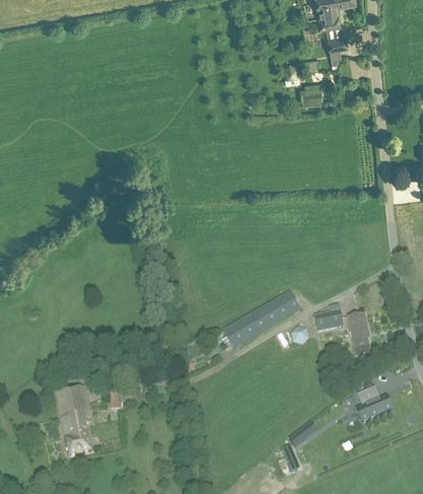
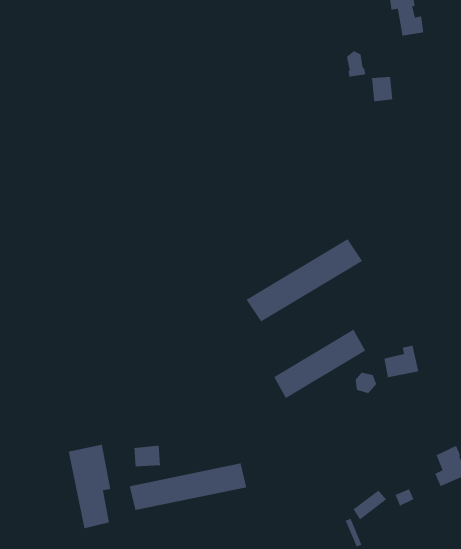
building: none -> [246,238,363,323]
building: [347,314,371,358] -> none
building: none -> [129,463,247,511]

